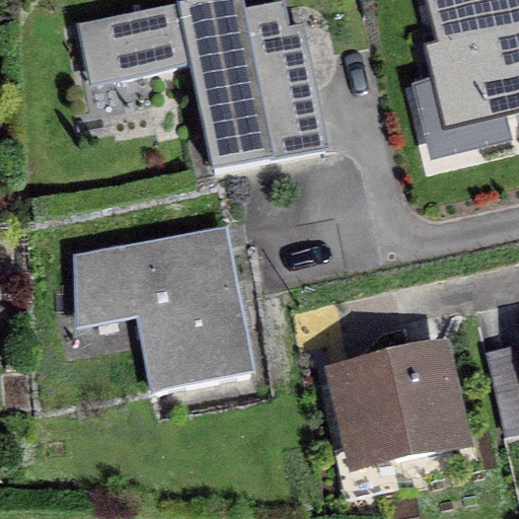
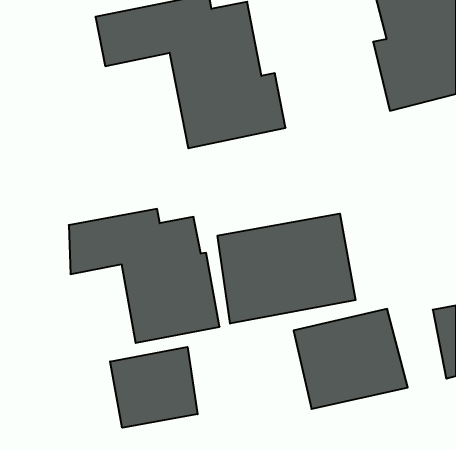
building: none -> [218,214,356,324]
building: none -> [110,347,198,428]

